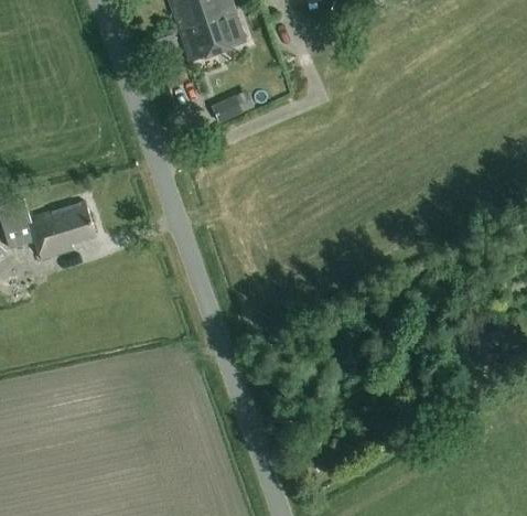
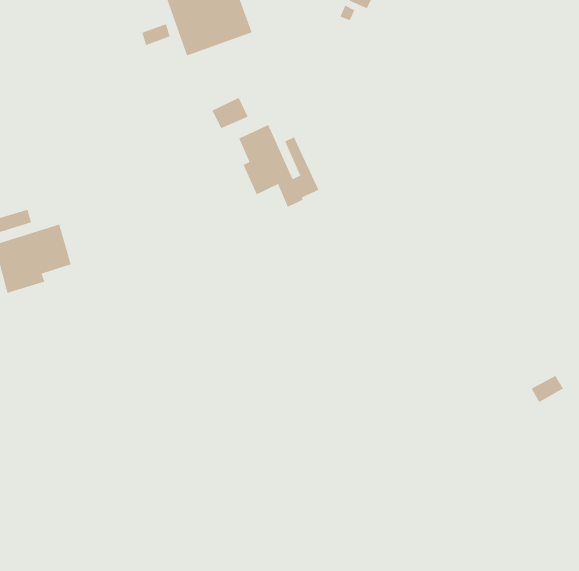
building: none -> [238,124,319,207]

